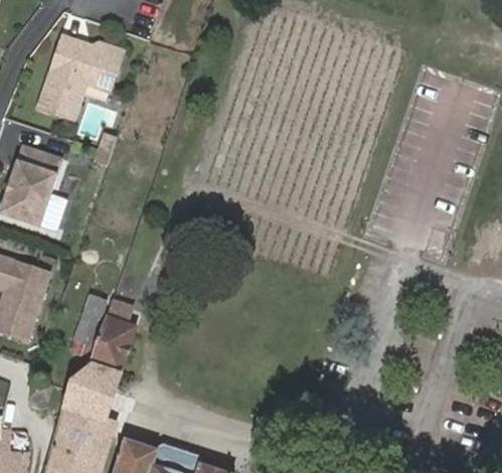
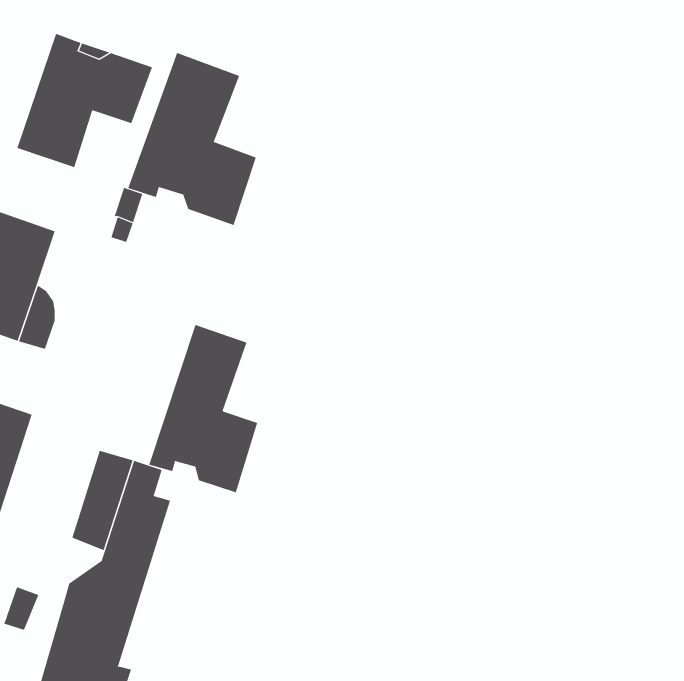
building: none -> [127,52,257,226]
building: none -> [149,324,258,493]

